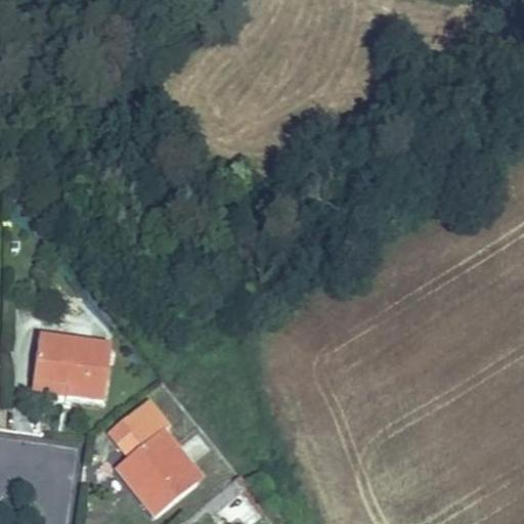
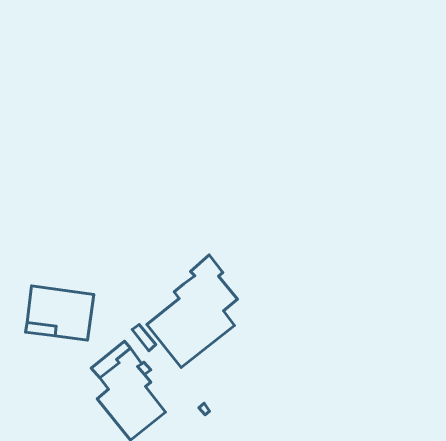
building: none -> [147,255,238,368]

